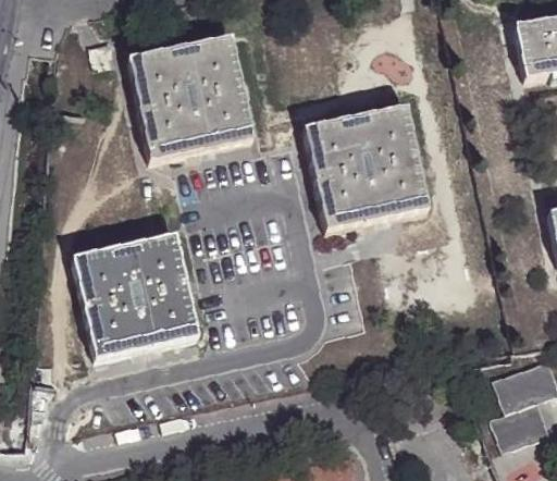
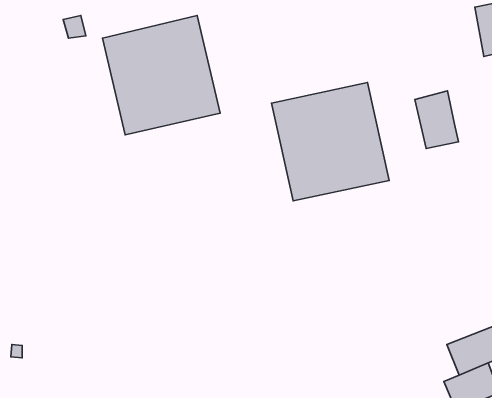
building: none -> [415,91,459,149]
building: [73,234,199,361] -> none

